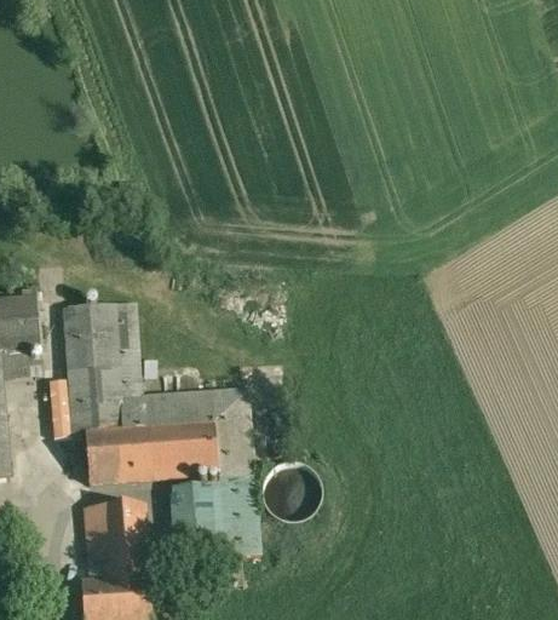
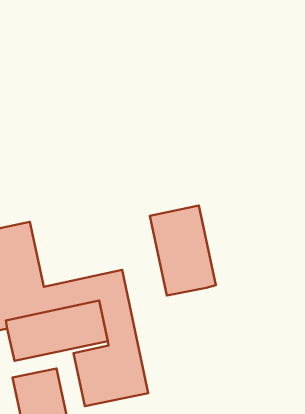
building: none -> [150,205,216,296]

